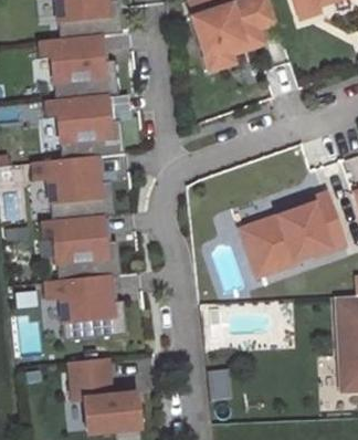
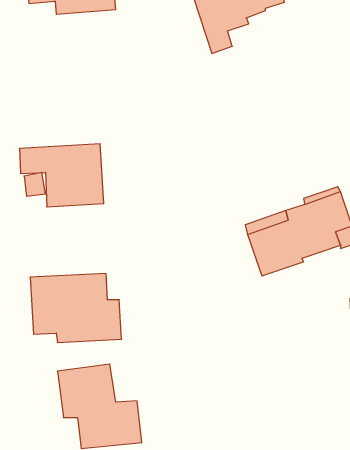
building: [38,35,115,145] -> none
building: [35,213,110,268] -> none

